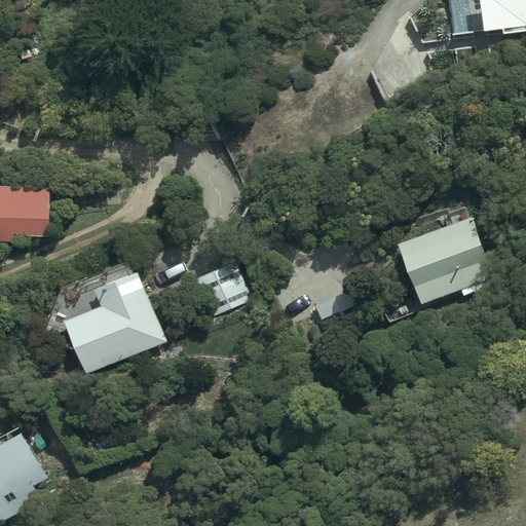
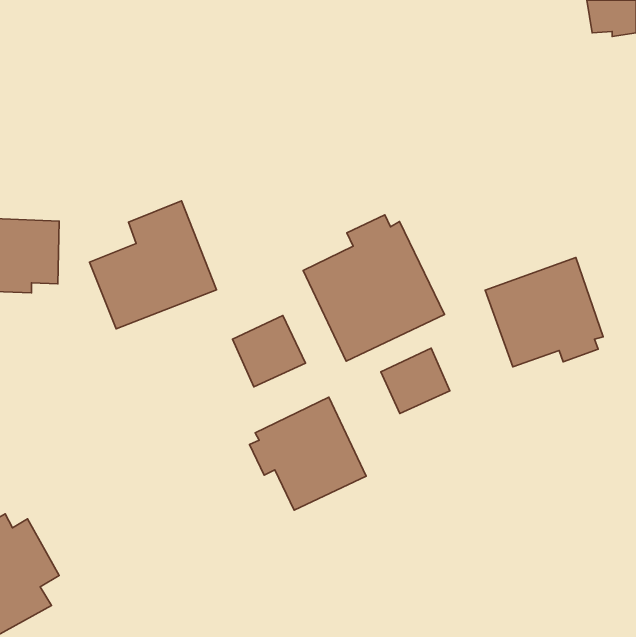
building: none -> [303,215,445,361]
building: [62,270,165,375] -> [90,201,217,329]
building: none -> [250,397,366,510]

